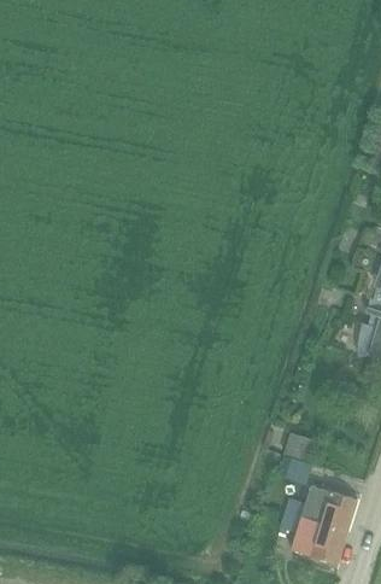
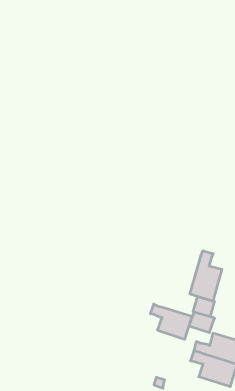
building: none -> [190,251,222,301]
building: none -> [150,304,192,339]

